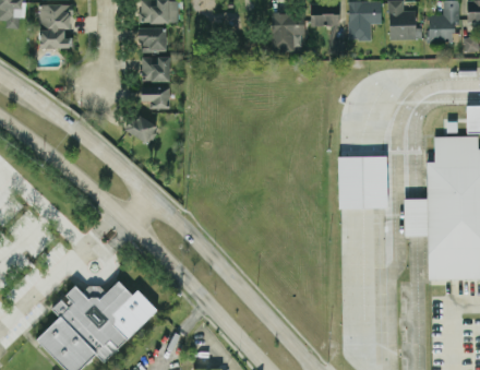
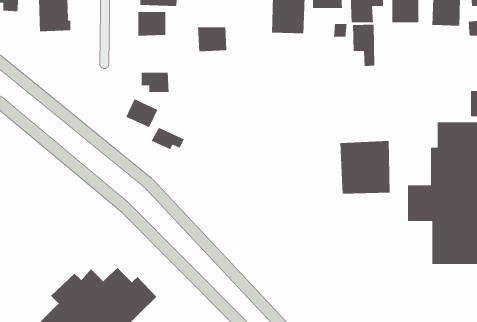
building: none -> [352,24,375,67]
building: [141,57,170,82] -> [197,27,227,52]
building: none -> [151,127,185,150]

